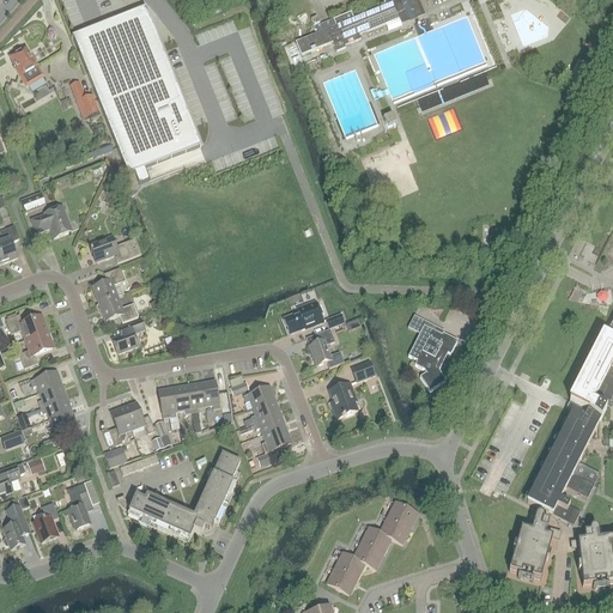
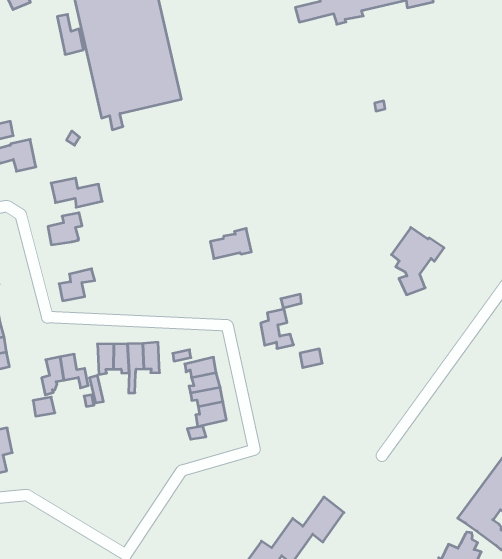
building: [98,295,138,320] -> none
building: [283,298,323,332] -> [210,228,251,259]
building: [408,323,457,388] -> [391,227,444,295]
building: [329,382,357,417] -> none
building: [127,450,239,536] -> none

